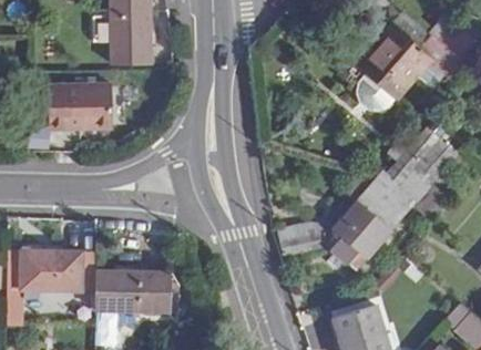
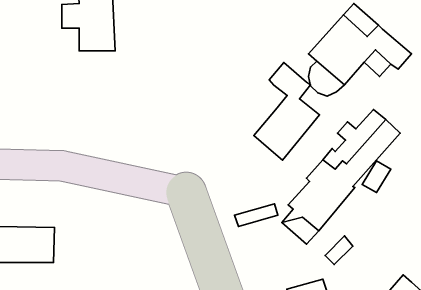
building: none -> [254,63,320,160]
building: [48,83,113,128] -> none
building: [96,270,180,311] -> none

